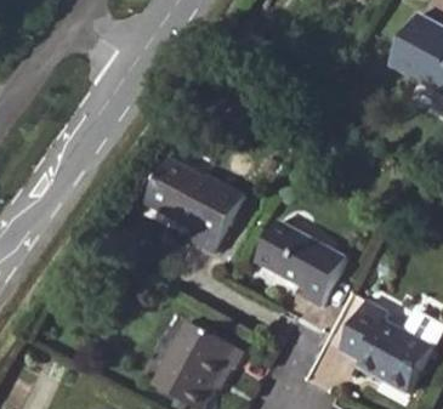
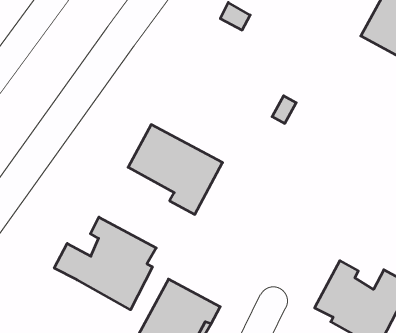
building: [254,220,345,303] -> none
building: none -> [54,217,156,310]

